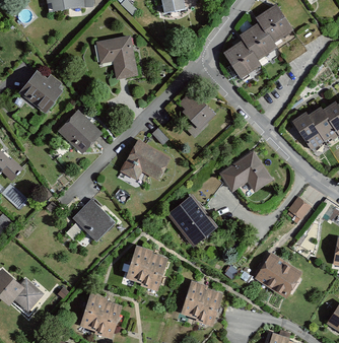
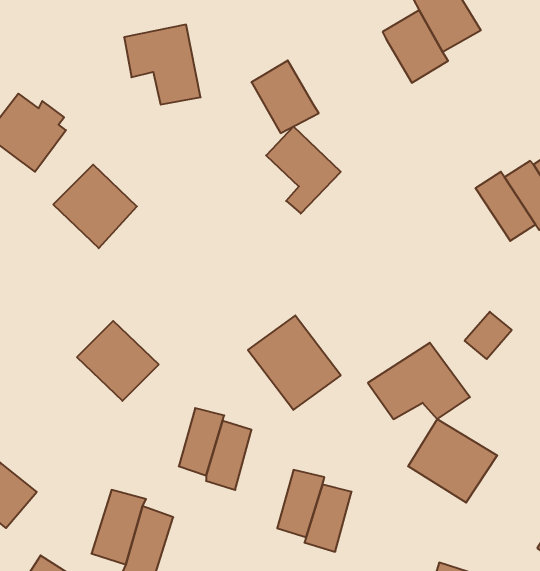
building: [222,41,260,81] -> [251,60,319,133]
building: [120,139,173,183] -> none
building: [218,151,275,194] -> [368,343,470,419]

